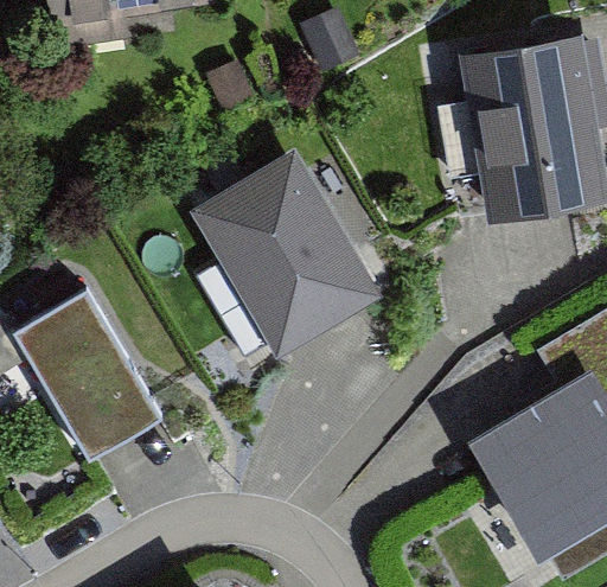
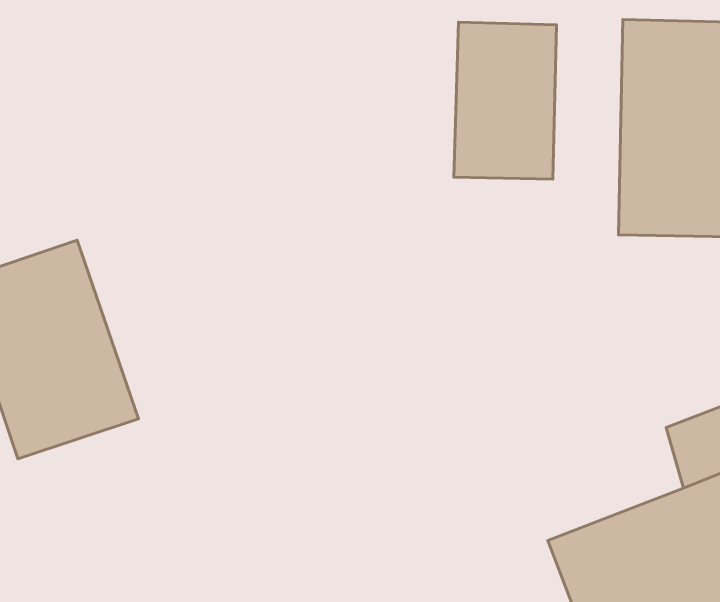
building: none -> [454,22,556,179]
building: [197,158,371,350] -> none

